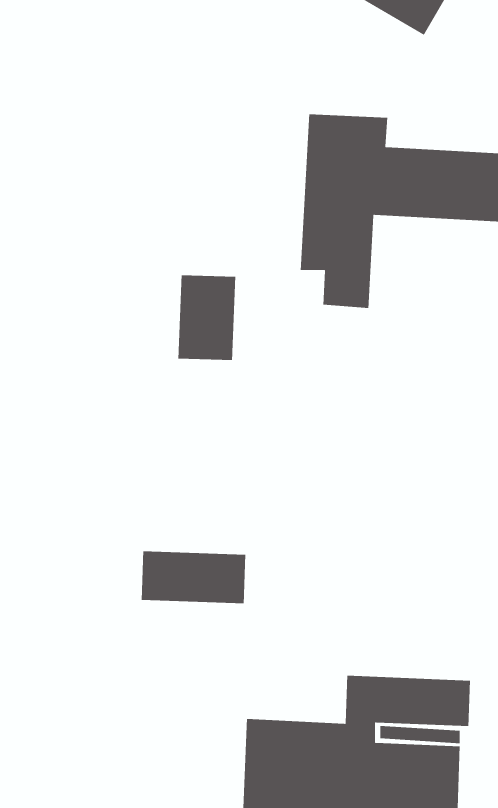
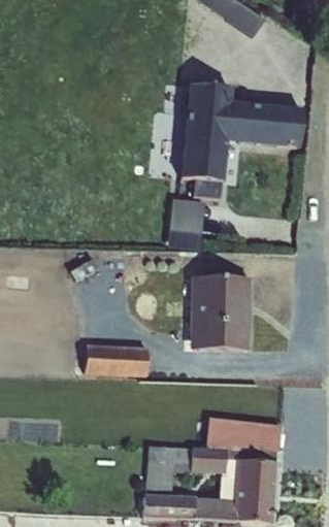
building: [177,274,236,361] -> [169,198,204,250]
building: none -> [189,276,252,351]

